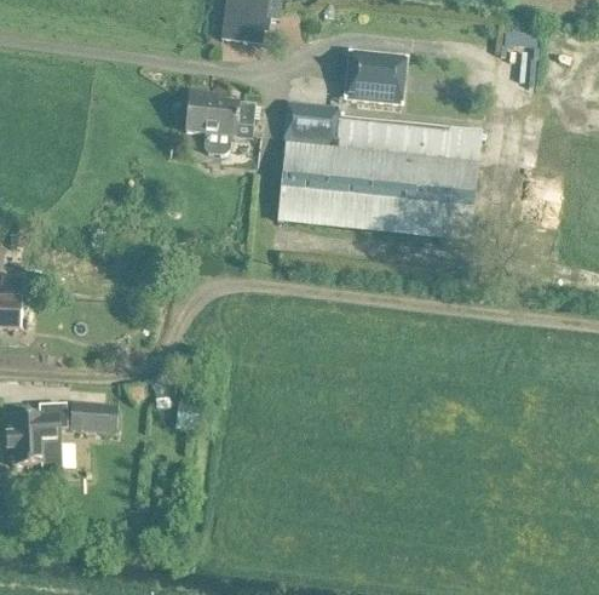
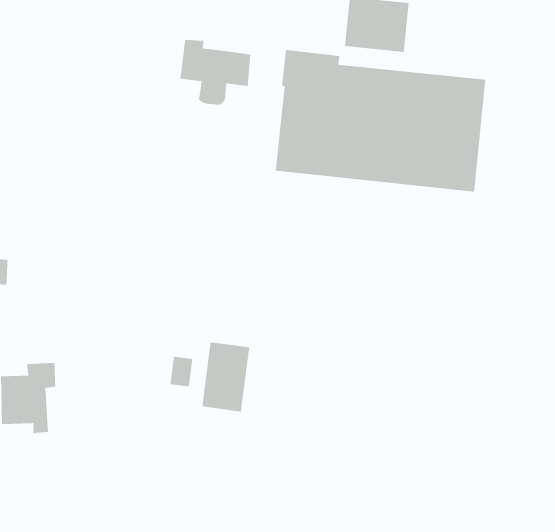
building: none -> [201,341,250,412]
building: [67,401,117,433] -> none

